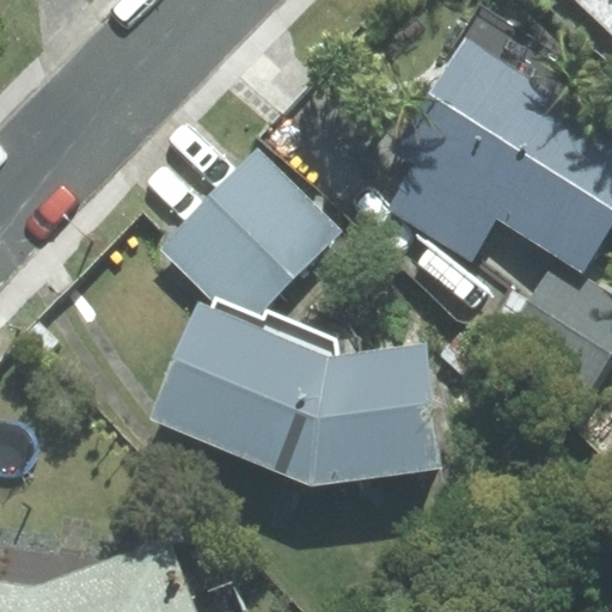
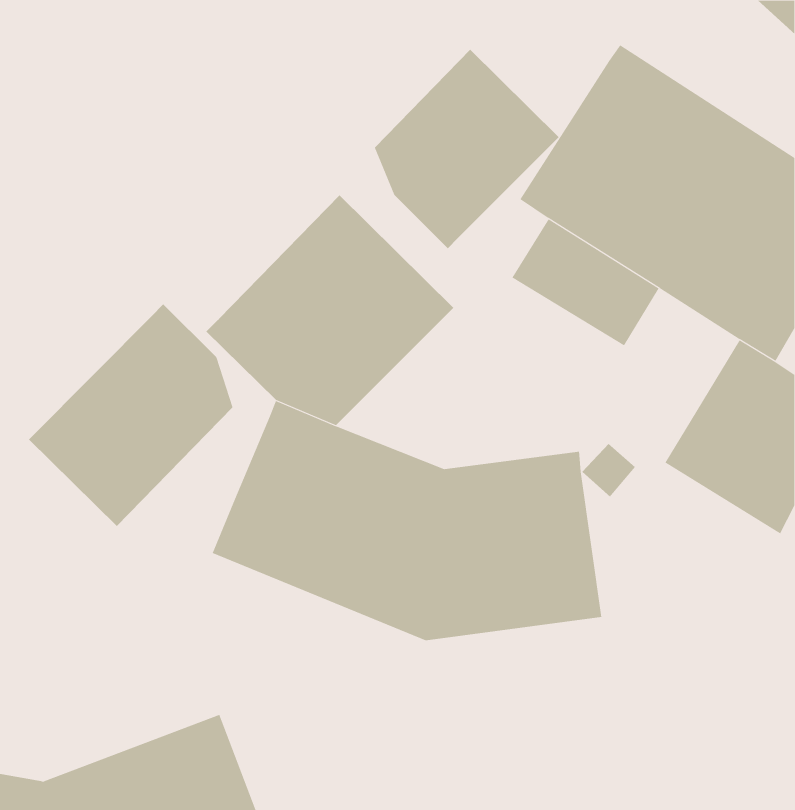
building: none -> [374,49,559,249]
building: none -> [28,303,233,527]

